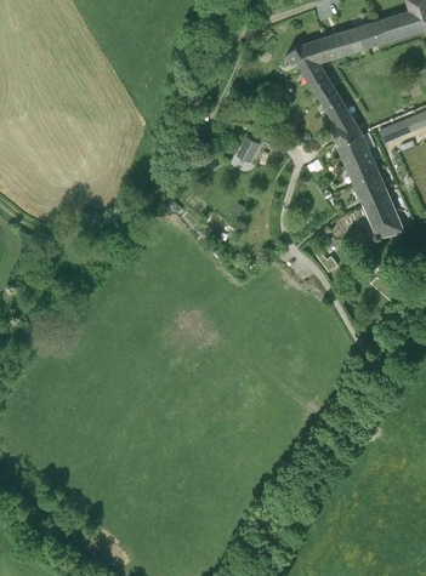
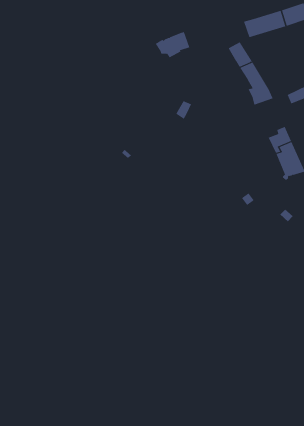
building: [285,38,330,72] -> [155,32,190,58]
building: [336,136,376,186] -> none

